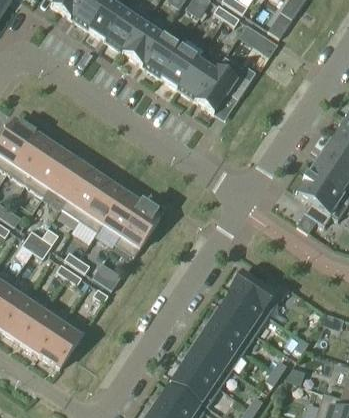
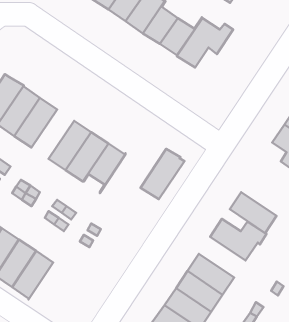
building: [42,156,87,208] -> none
building: [114,203,160,256] -> [141,149,184,199]
building: [218,290,267,333] -> [230,192,277,233]
building: [39,317,84,368] -> none

